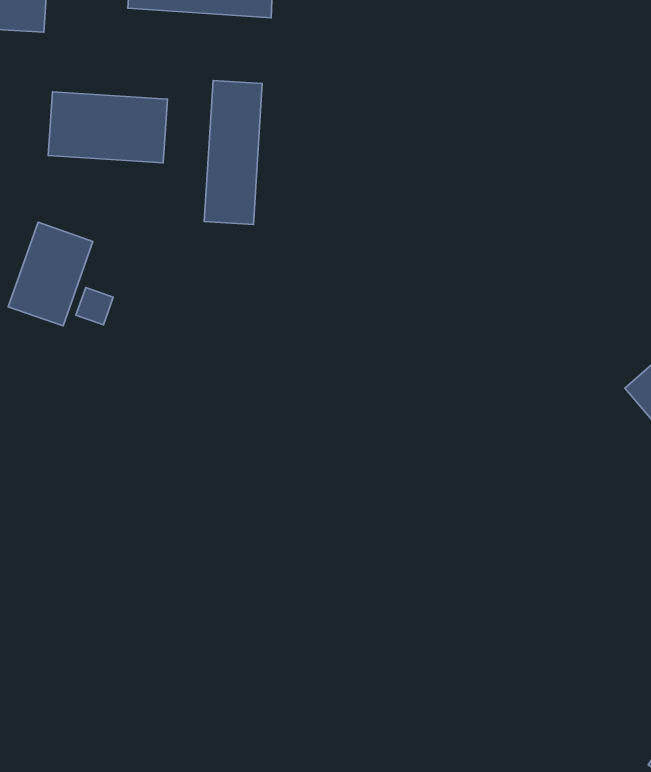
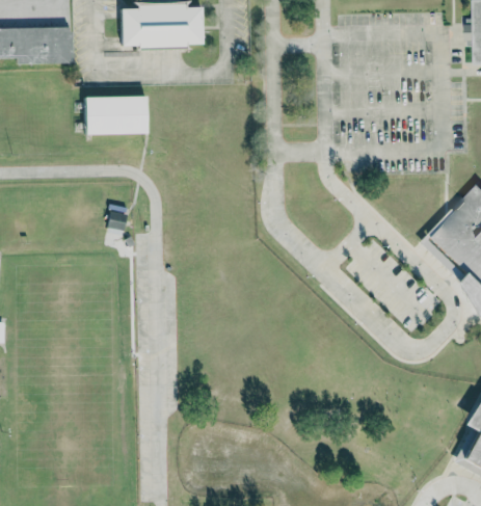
building: [204,81,262,224] -> none
building: [8,222,93,326] -> none

